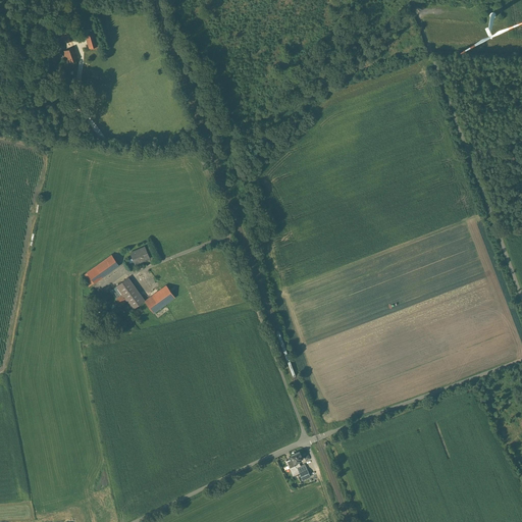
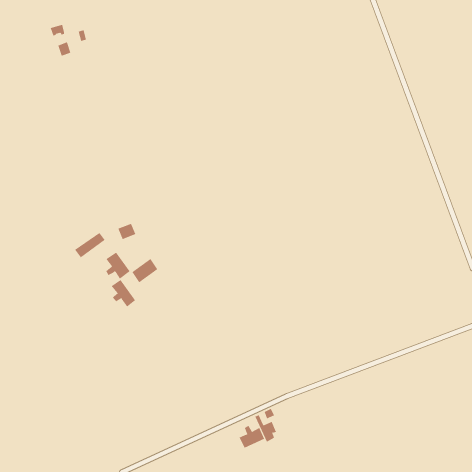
building: none -> [111,279,136,307]
building: none -> [239,425,265,449]

